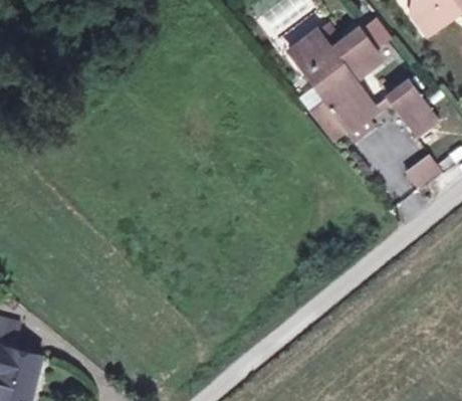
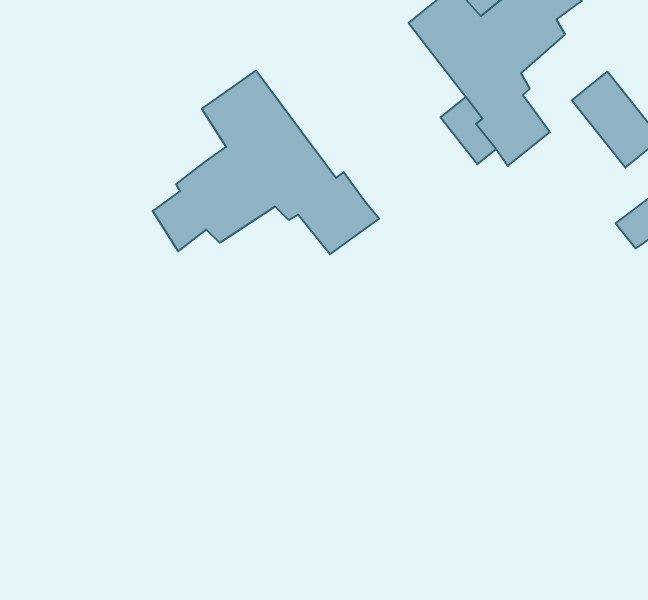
building: none -> [153,71,379,254]

